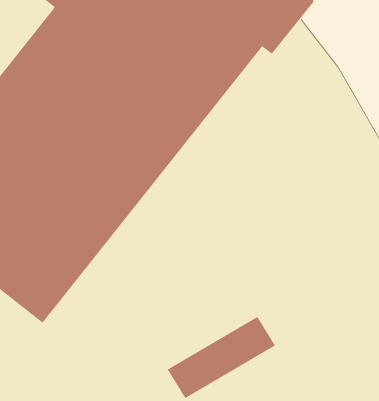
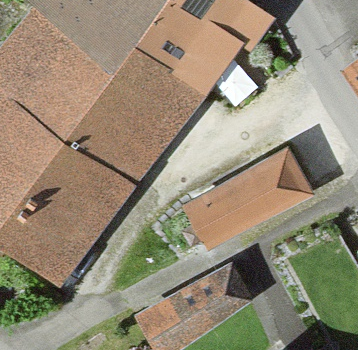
building: none -> [184,156,305,249]

